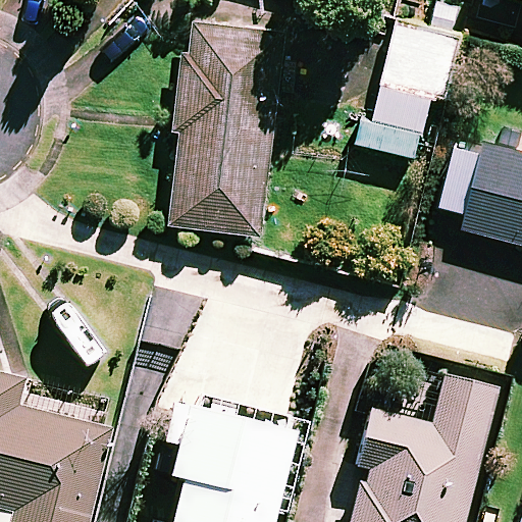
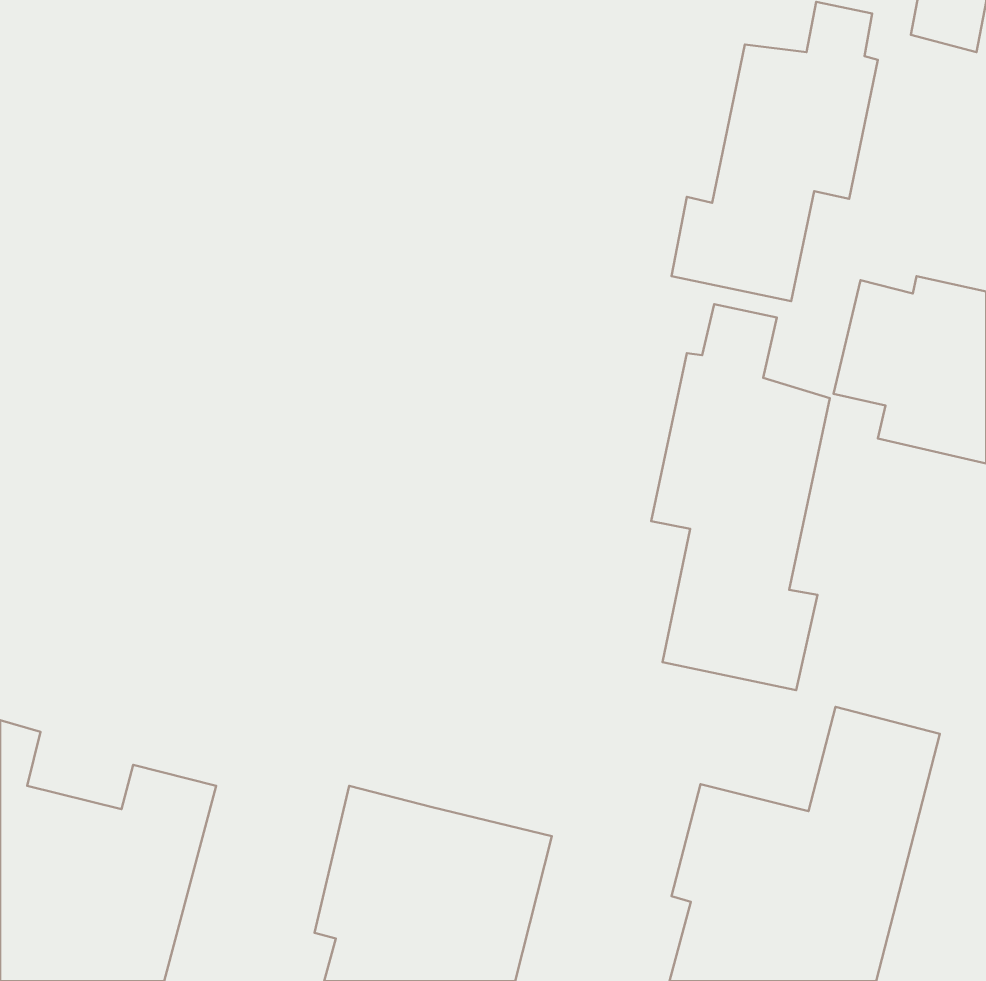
building: [172,24,285,236] -> none
building: none -> [651,304,830,690]

